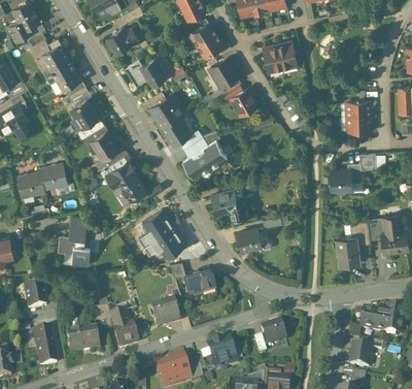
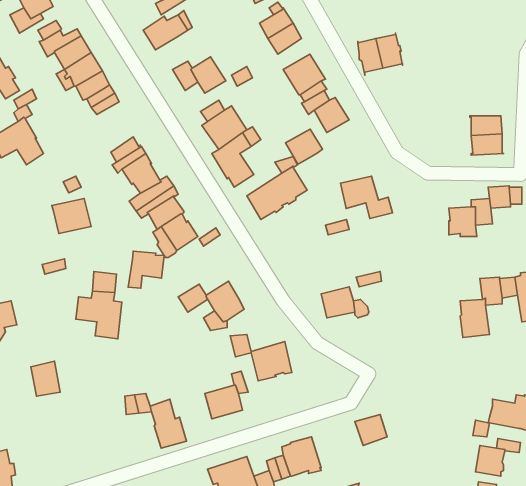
building: [71,100,100,130] -> none
building: none -> [286,129,323,164]
building: [16,172,45,198] -> none
building: [211,191,249,222] -> [340,176,392,218]
building: none -> [128,251,164,288]
building: [34,329,57,366] -> none
building: [66,329,99,354] -> none

